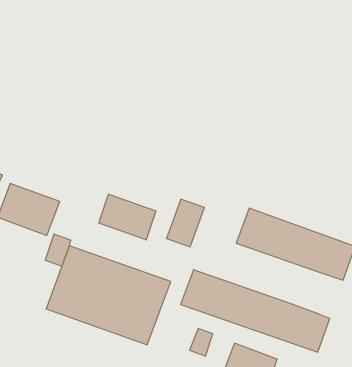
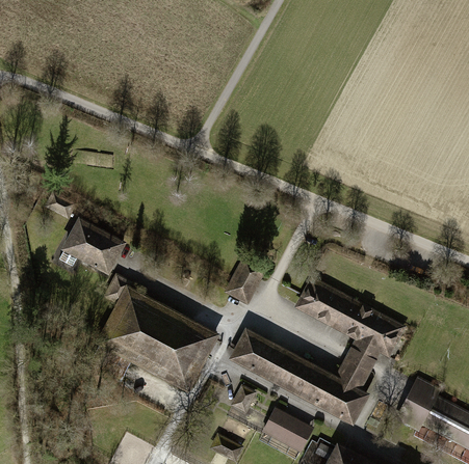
building: [99,194,156,240] -> none
building: none -> [336,342,380,389]

